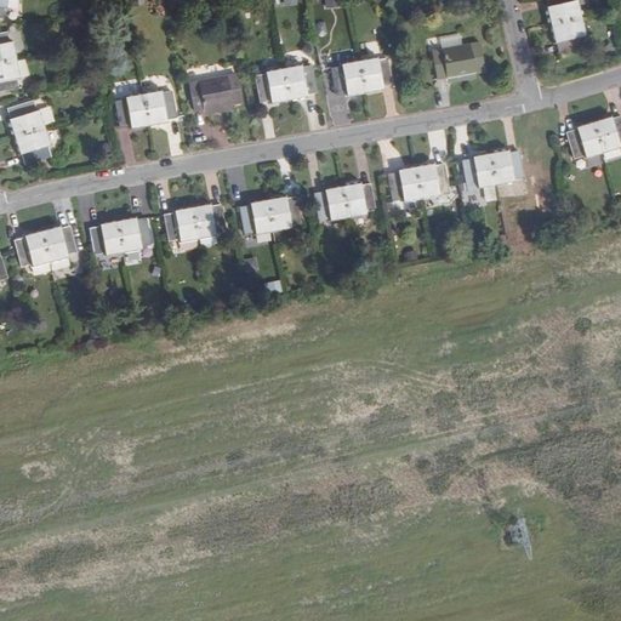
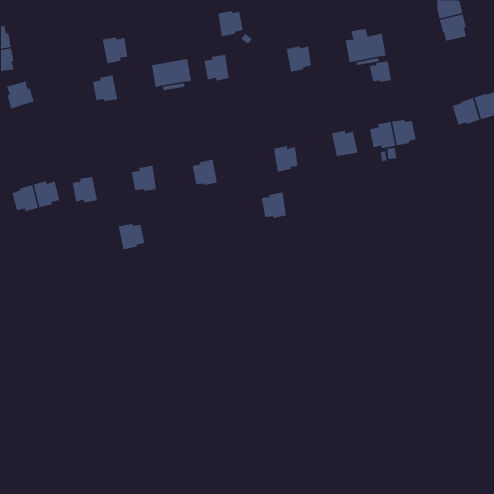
building: [331,61,365,93] -> none
building: [284,64,317,98] -> [217,10,244,37]
building: none -> [369,61,392,83]
building: [143,91,176,125] -> [102,37,128,64]
building: [15,127,50,163] -> none
building: [389,166,422,200] -> none
building: [315,186,348,220] -> [261,192,287,219]
building: [268,195,301,229] -> none
building: [193,204,226,238] -> none
building: [118,217,152,251] -> [118,223,145,250]

